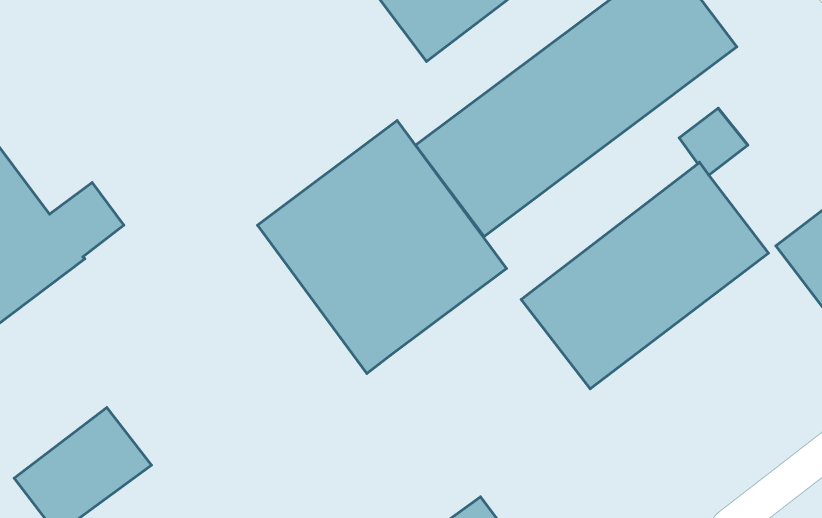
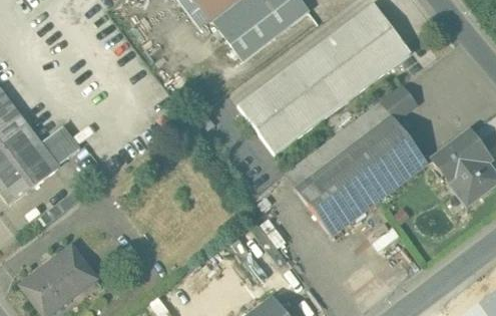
building: [257,120,507,373] -> none

